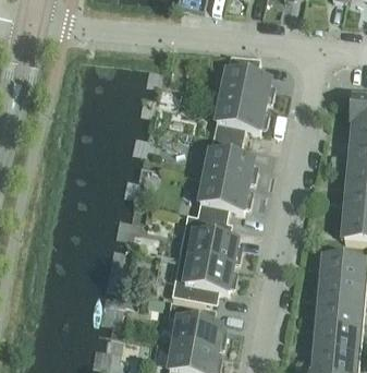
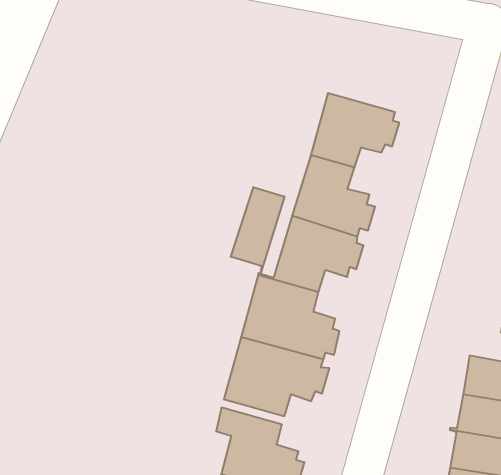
building: [222,57,274,106] -> none
building: none -> [231,187,284,274]

